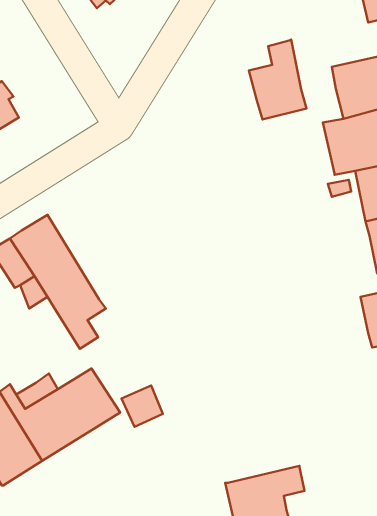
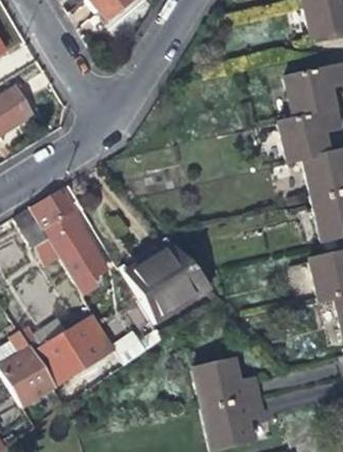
building: [249,40,307,120] -> none
building: none -> [116,236,210,324]
building: none -> [190,355,259,405]

